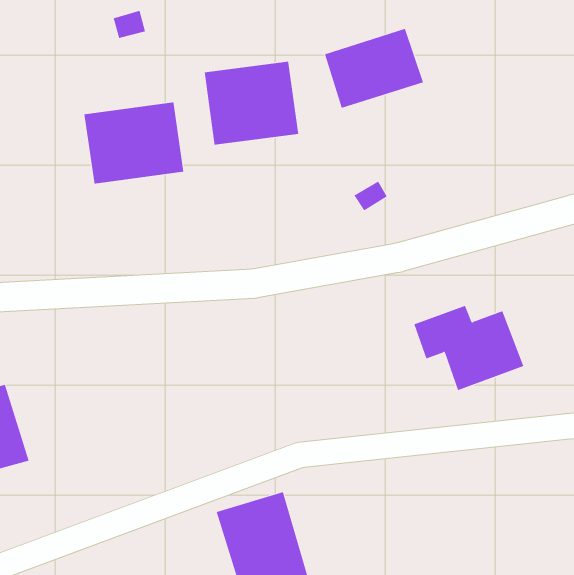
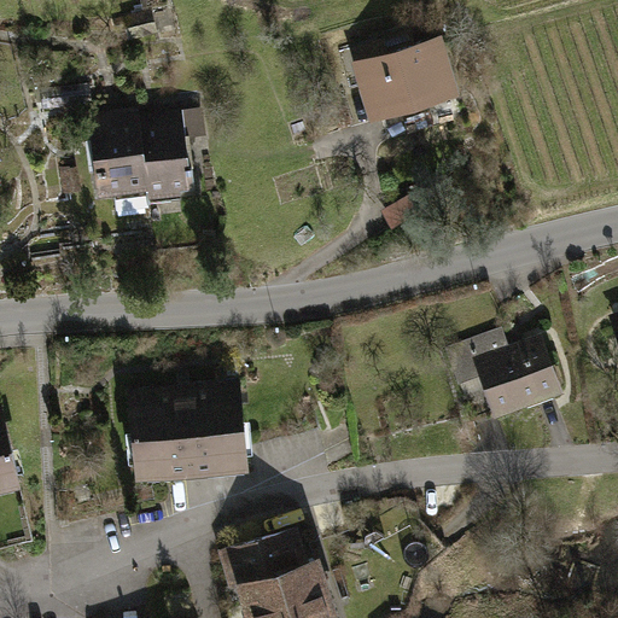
building: [204,61,299,146] -> none
building: none -> [132,391,256,491]

